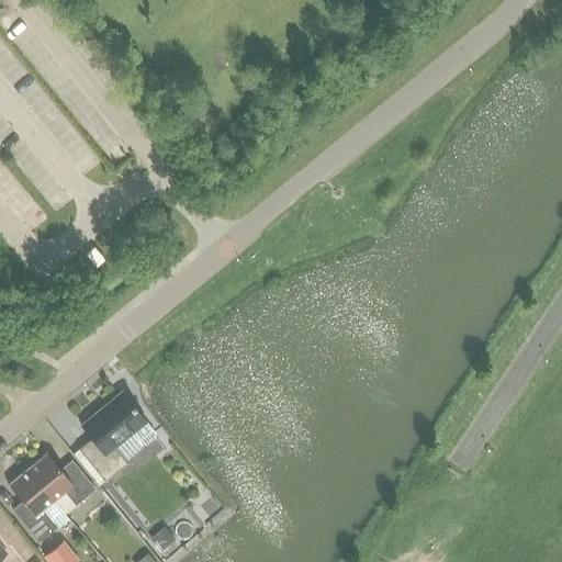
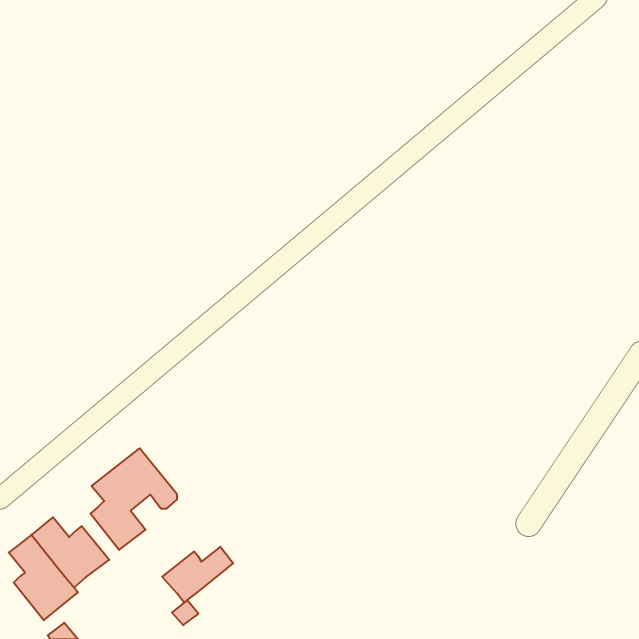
building: none -> [162,547,233,603]

